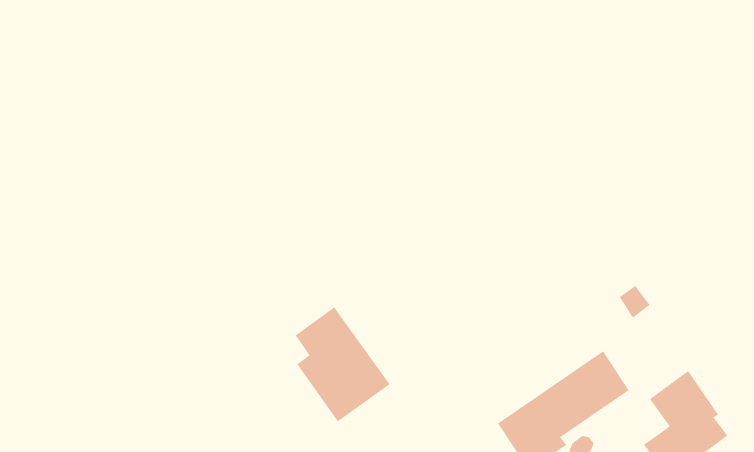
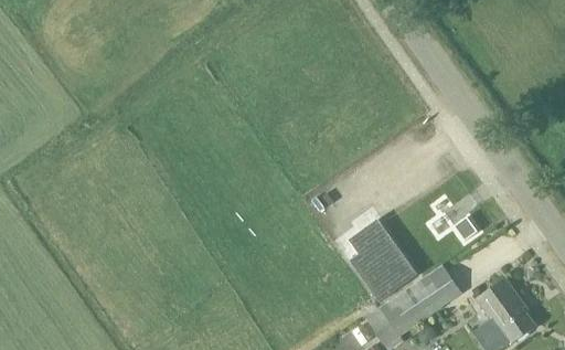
building: [295,307,391,422] -> [348,219,417,303]

